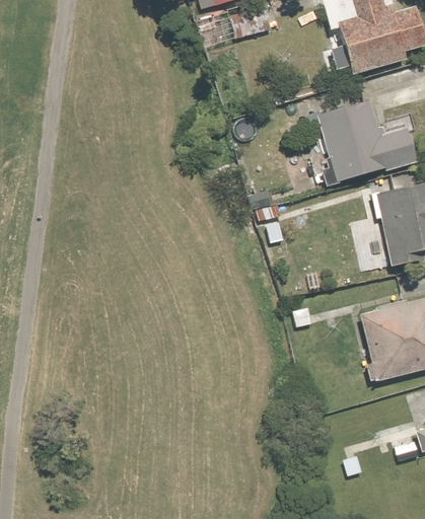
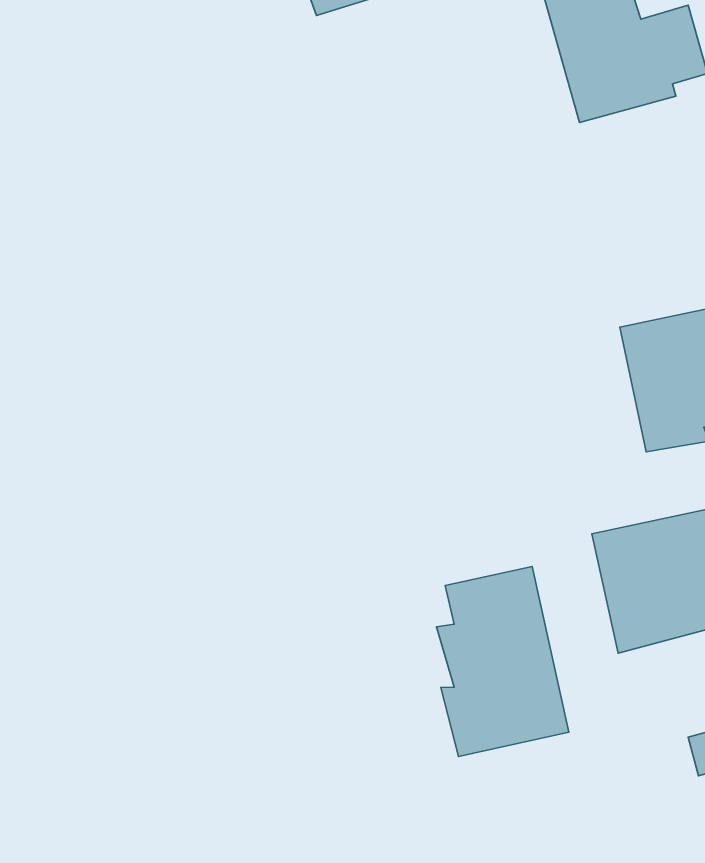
building: [321,100,416,187] -> none
building: none -> [437,567,569,757]

